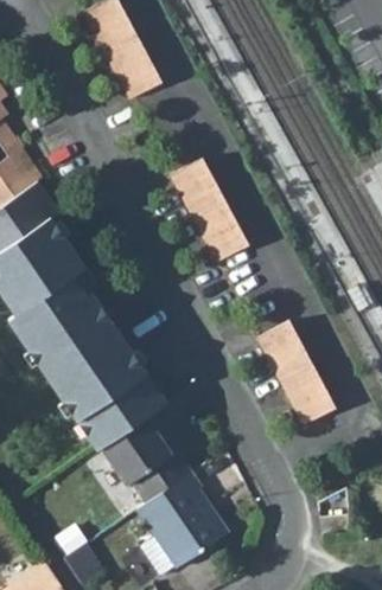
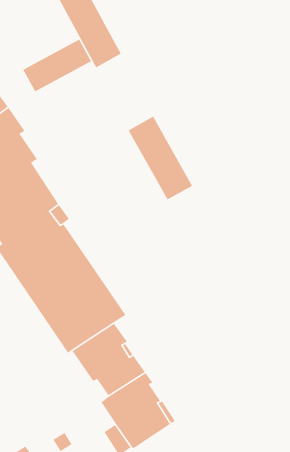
building: none -> [22,39,92,93]
building: [256,321,337,424] -> none

